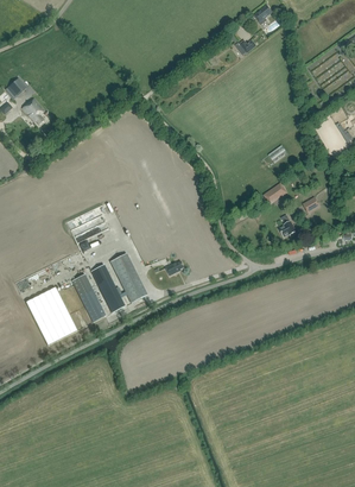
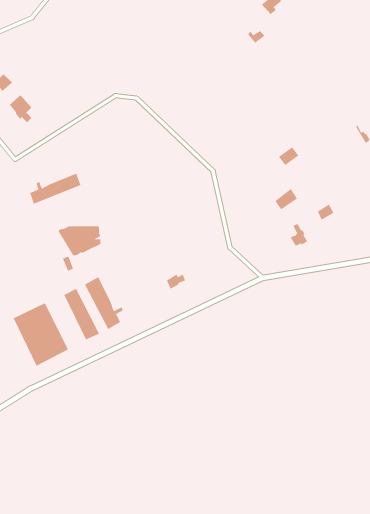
building: none -> [30,173,81,205]
building: [110,253,147,303] -> none

